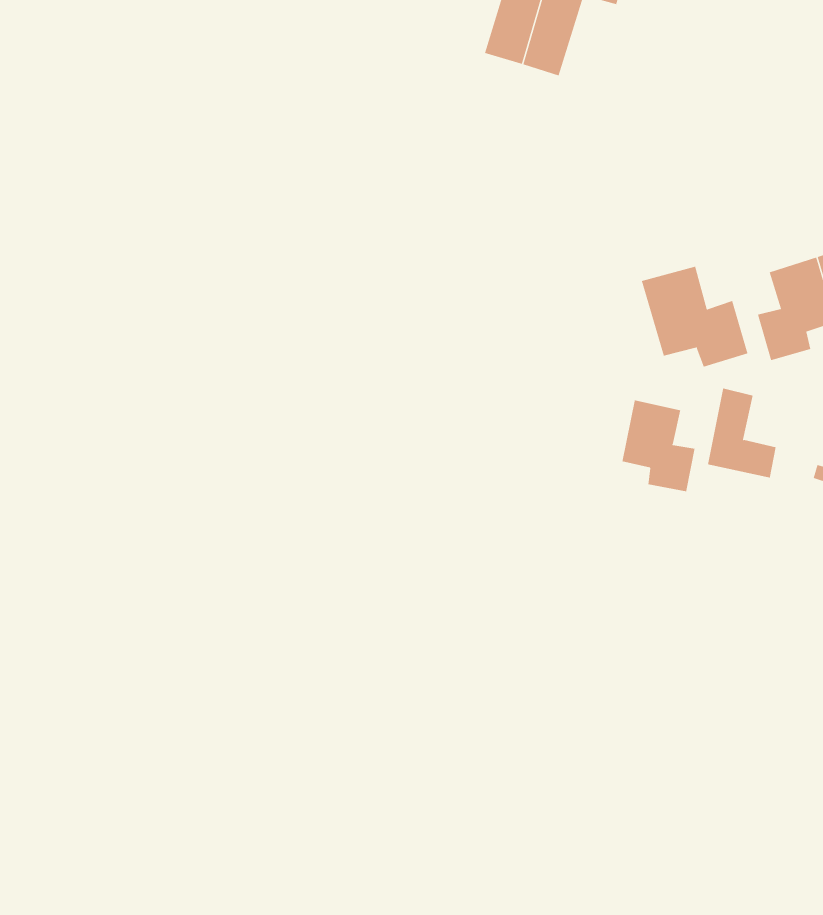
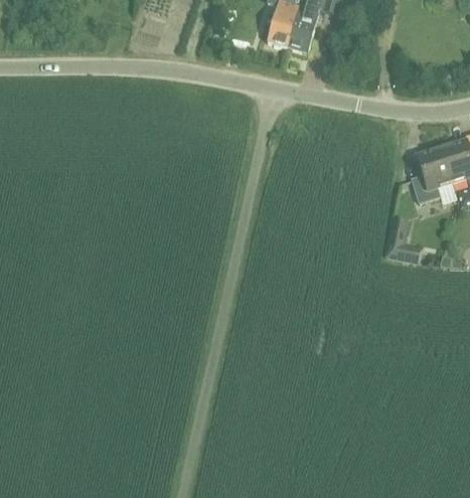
building: [641,266,748,367] -> none
building: [622,399,695,492] -> none

